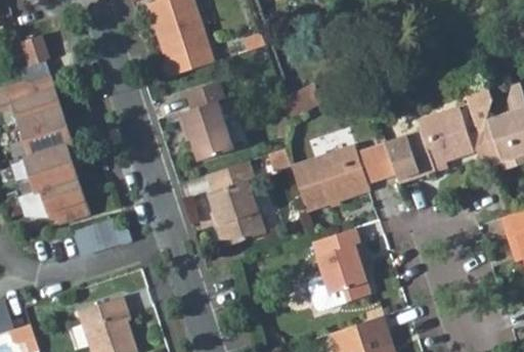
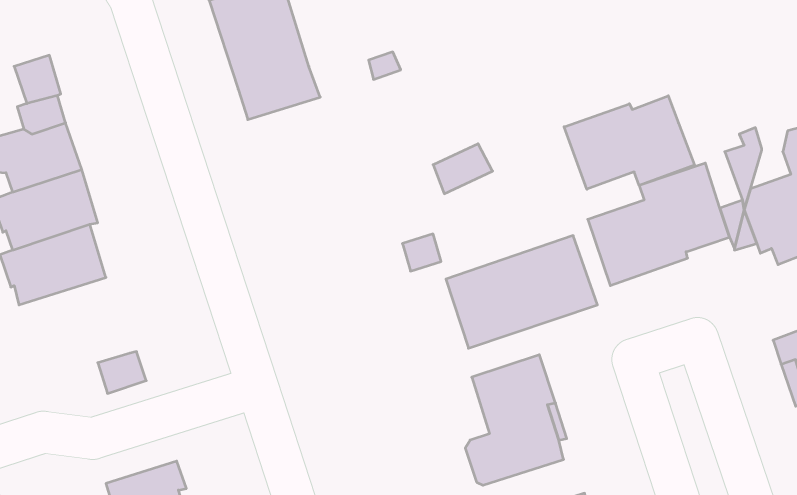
building: none -> [564,96,695,189]
building: [180,79,231,158] -> none
building: [206,162,266,246] -> none
building: [18,178,89,222] -> none

